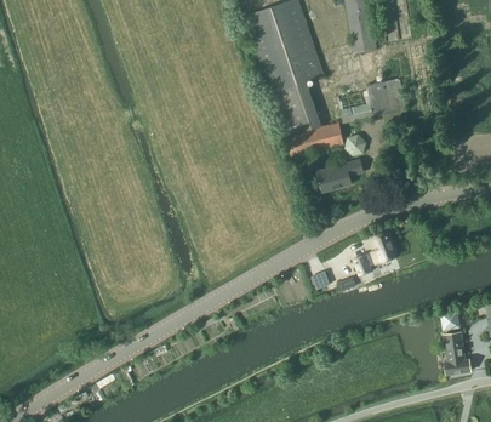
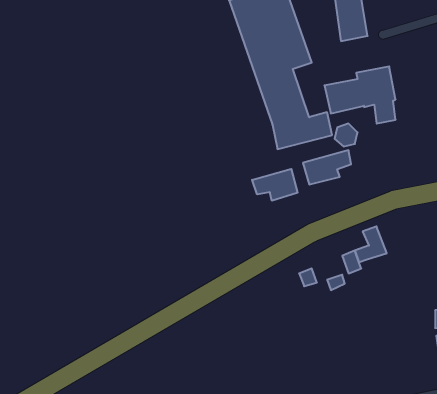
building: none -> [252,169,298,201]

